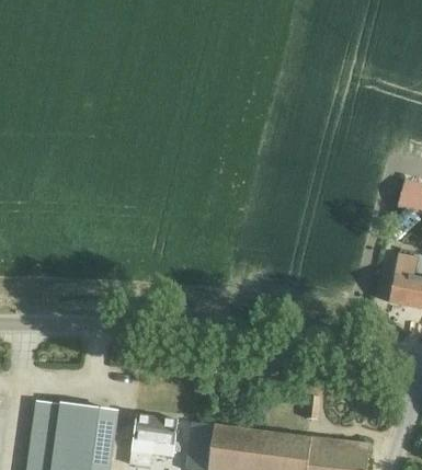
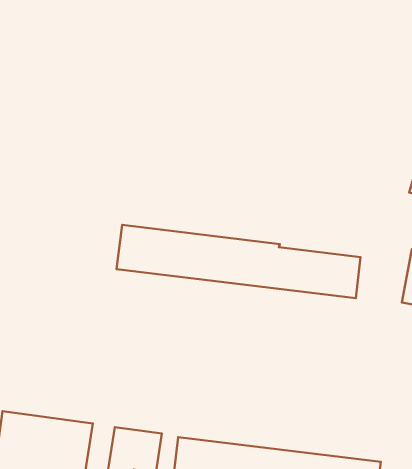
building: none -> [116,225,361,298]

